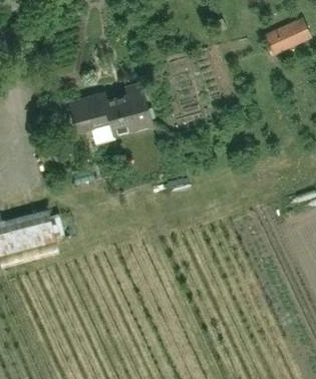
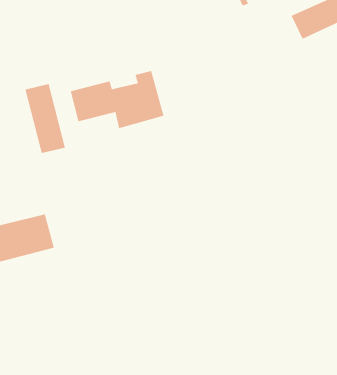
building: none -> [24,83,66,154]

